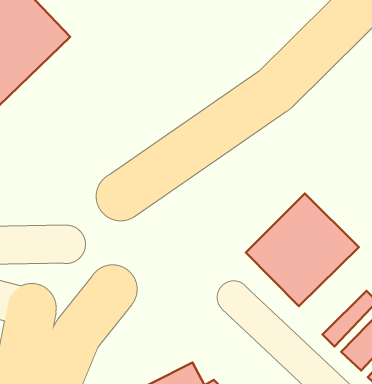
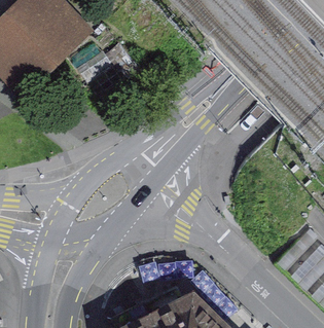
building: [246,194,359,306] -> none

